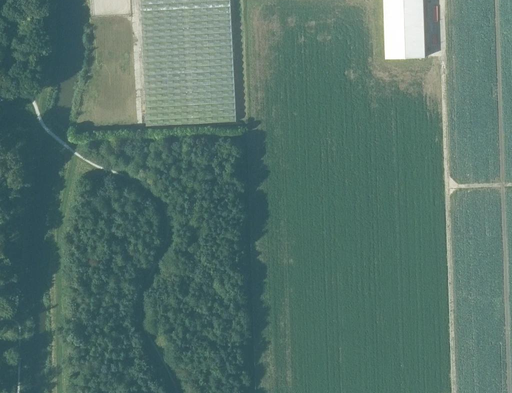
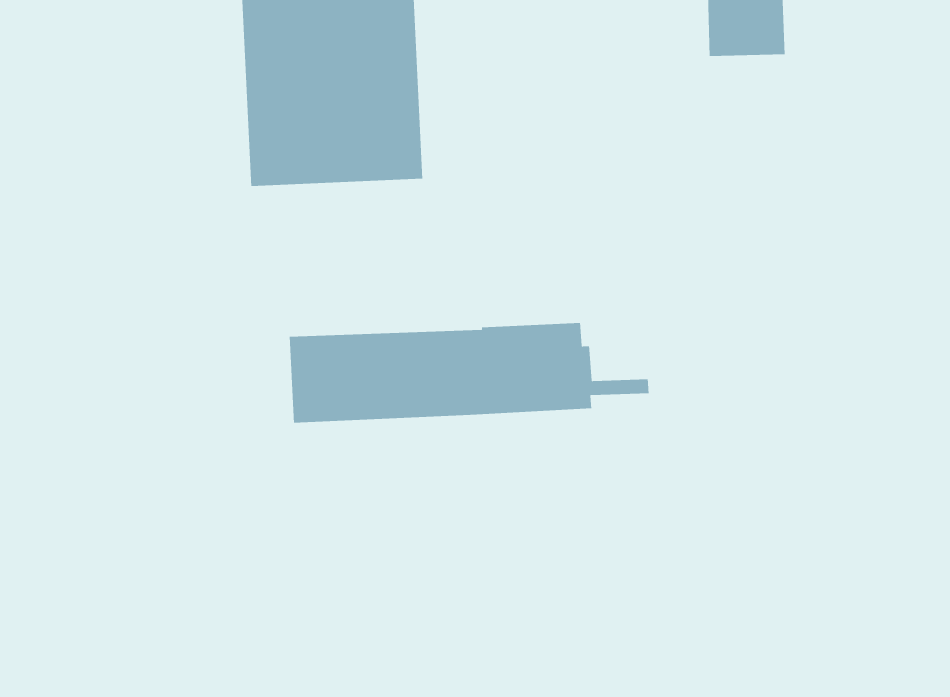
building: none -> [289,322,650,424]

